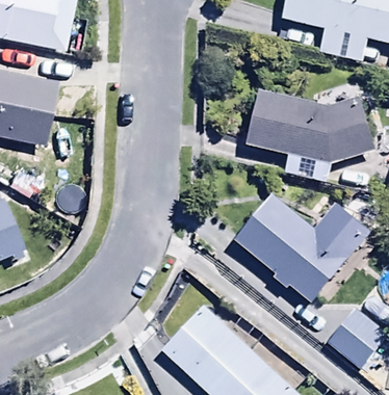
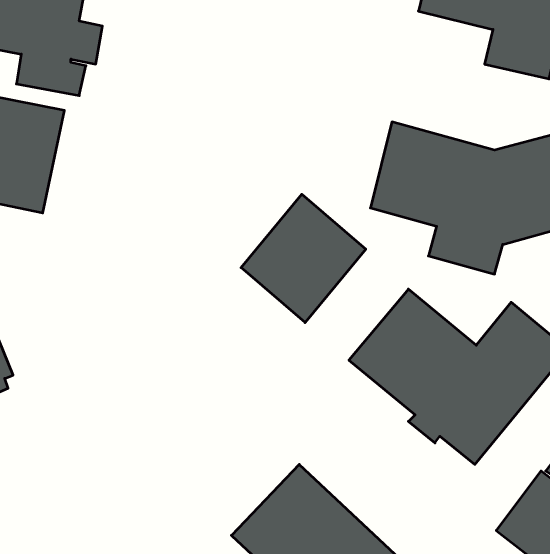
building: none -> [241,194,366,323]

